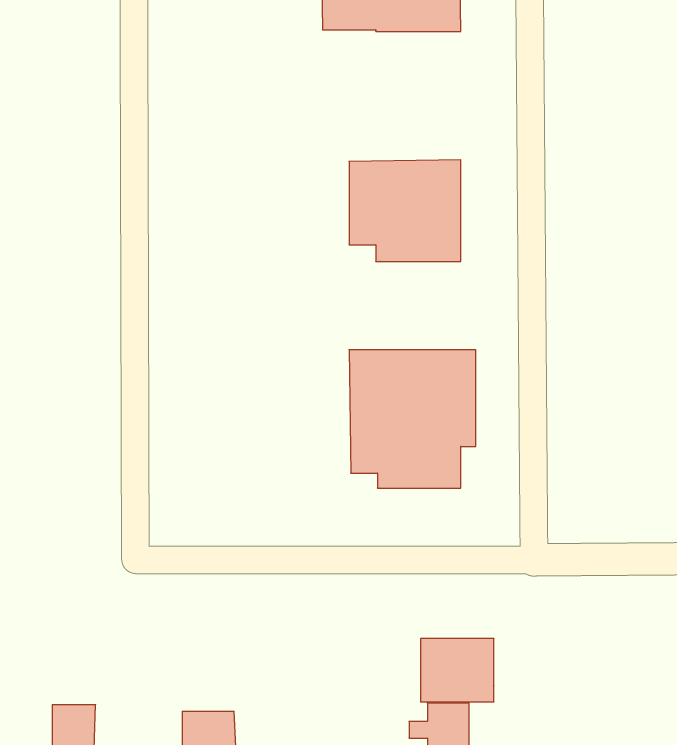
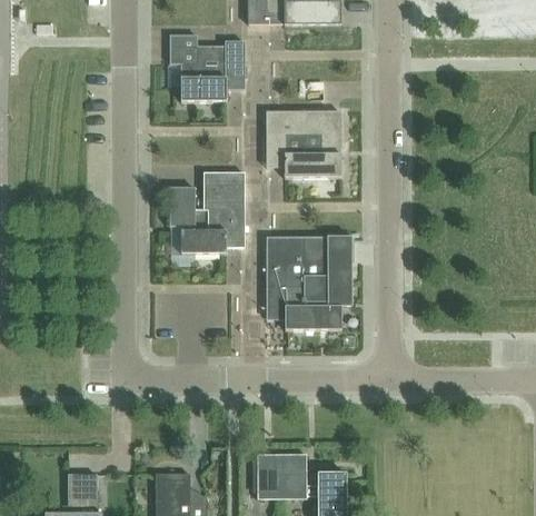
building: none -> [169,34,244,101]
building: none -> [169,172,245,254]
building: [421,639,494,702] -> [257,454,306,496]

